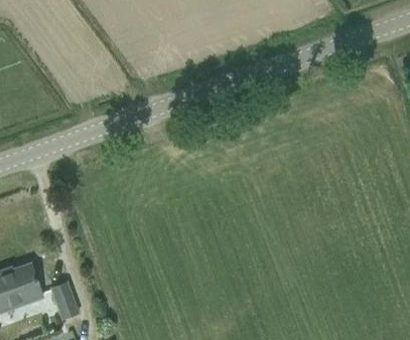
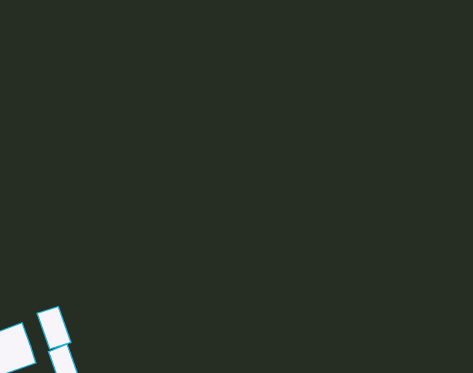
building: none -> [37,307,71,349]

